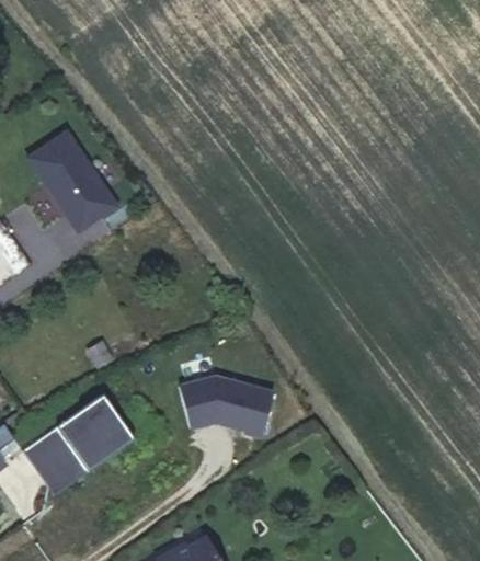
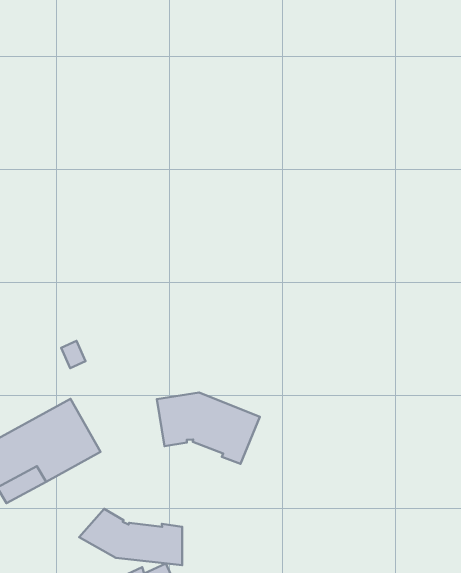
building: [31,135,116,234] -> none
building: none -> [79,509,182,565]

